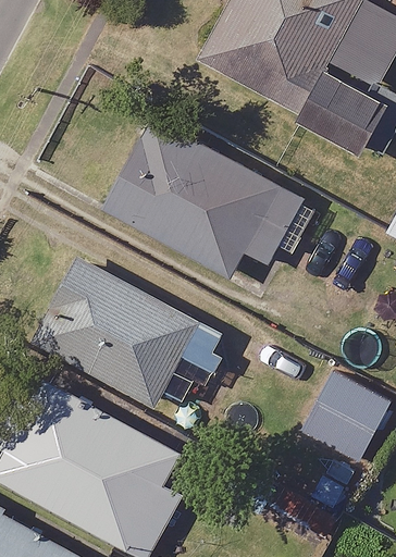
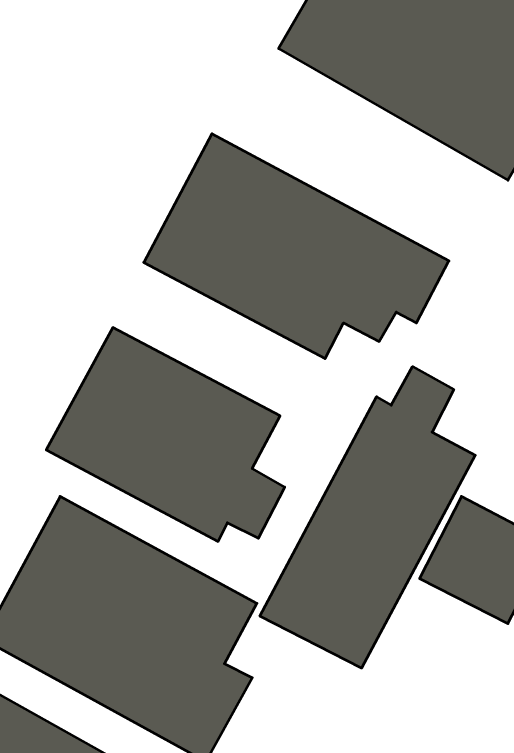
building: none -> [260,367,475,668]

